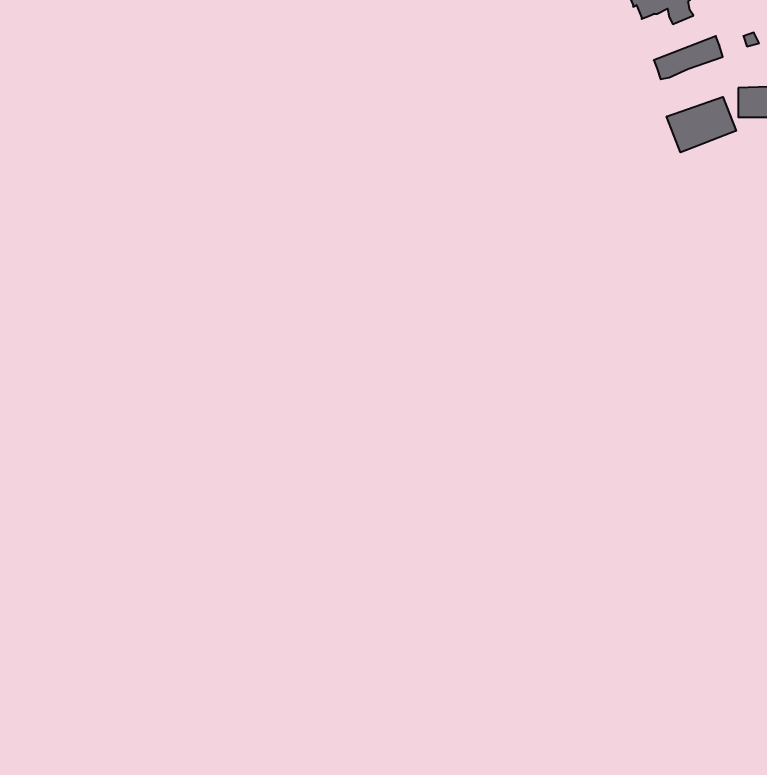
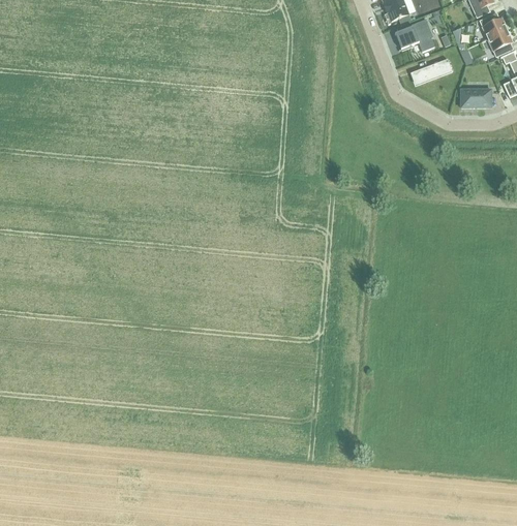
building: [667,97,736,152] -> none

